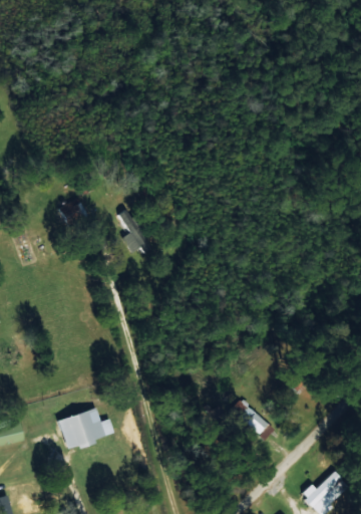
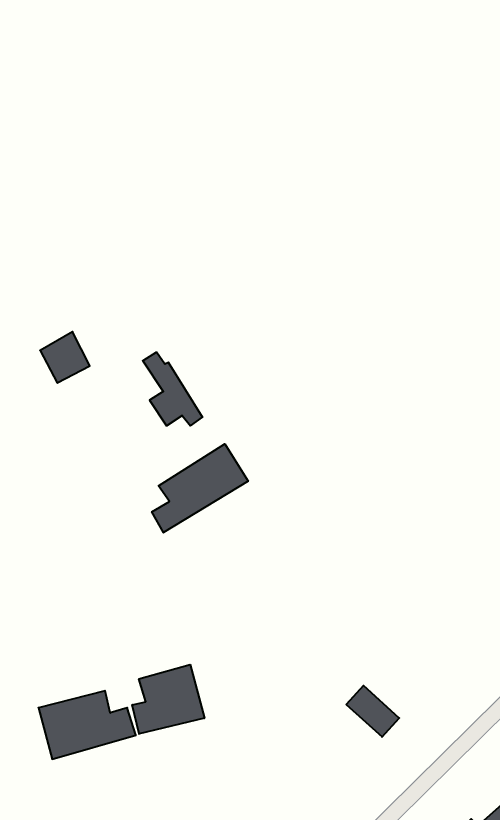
building: none -> [152,444,248,533]
building: none -> [132,665,204,734]

